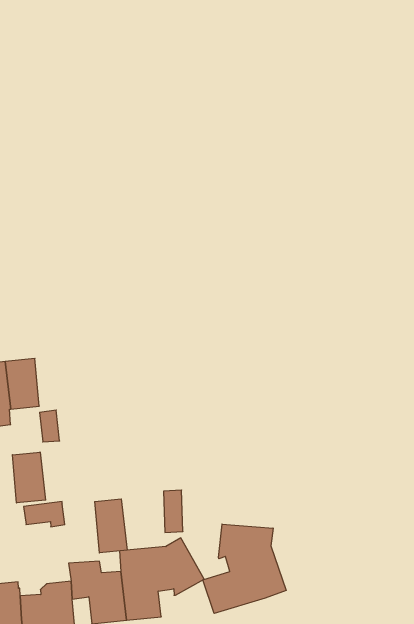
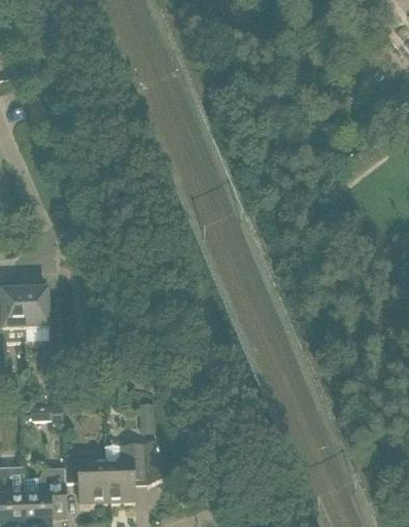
building: [12,452,46,503] -> none
building: [95,499,127,553] -> none
building: [203,524,286,613] -> none

